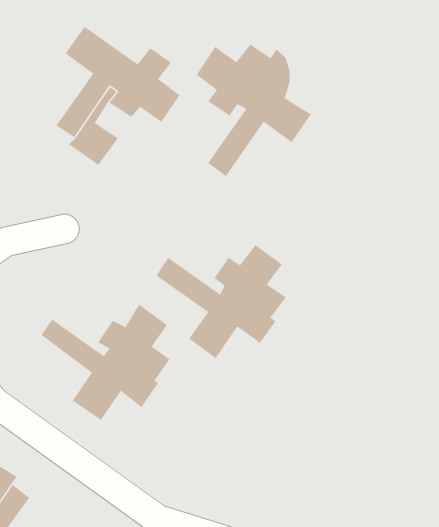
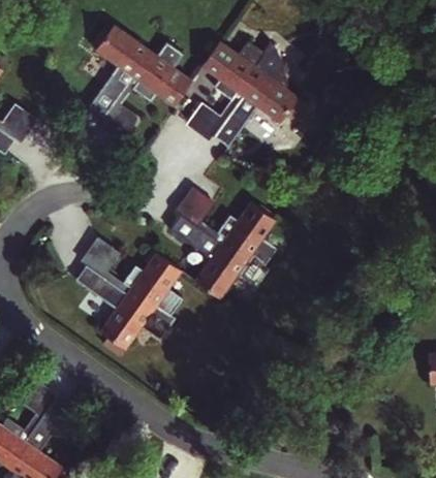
building: none -> [185,91,244,142]
building: none -> [176,188,226,245]
building: none -> [80,237,132,295]

